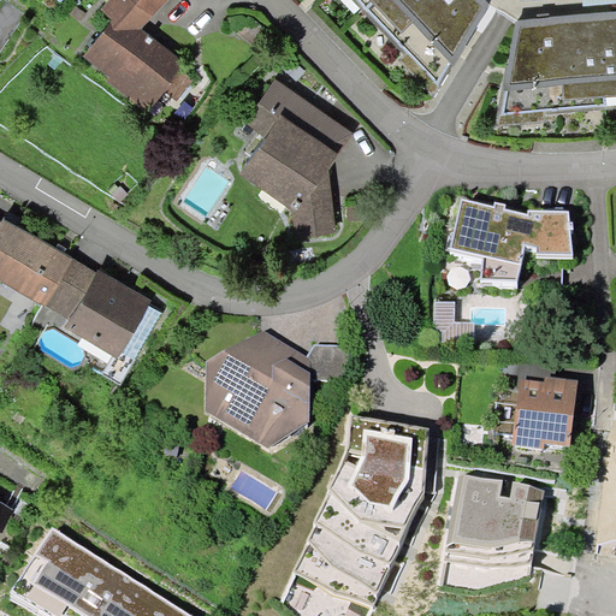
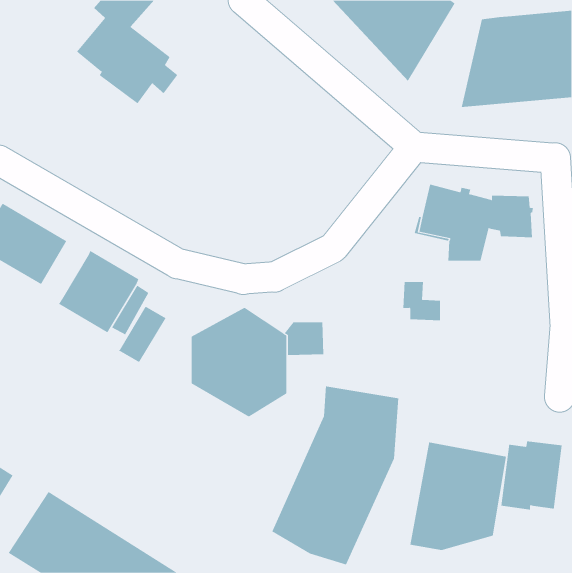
building: [239,78,353,239] -> none
building: [43,259,95,320] -> [118,306,166,363]
building: [511,374,578,449] -> [501,441,562,510]

